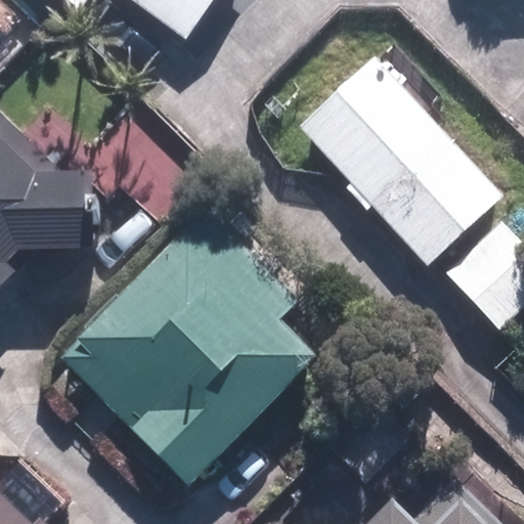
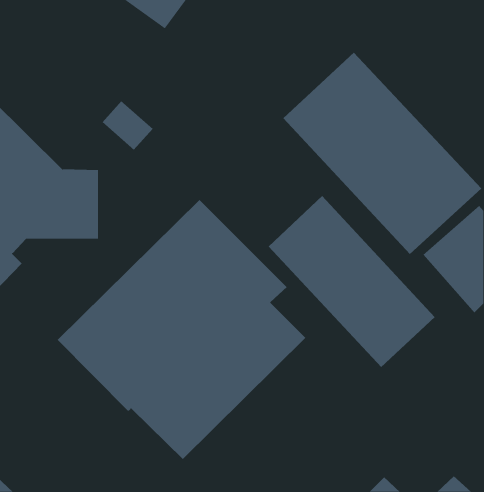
building: none -> [268,195,436,368]

